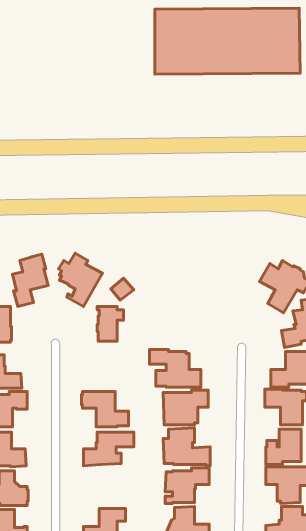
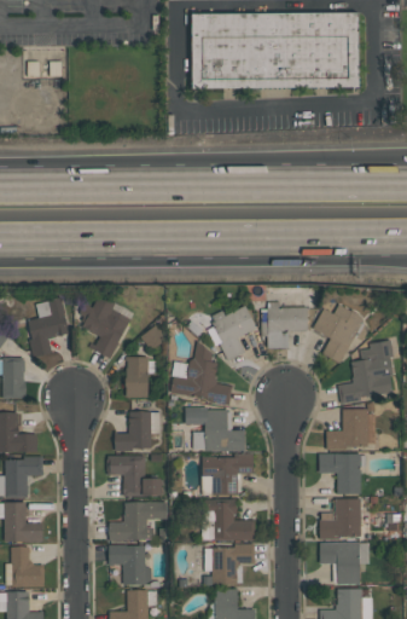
building: none -> [262,302,308,348]
building: none -> [208,306,256,360]
building: none -> [171,341,233,405]
building: none -> [116,412,161,452]
building: none -> [110,545,152,585]

